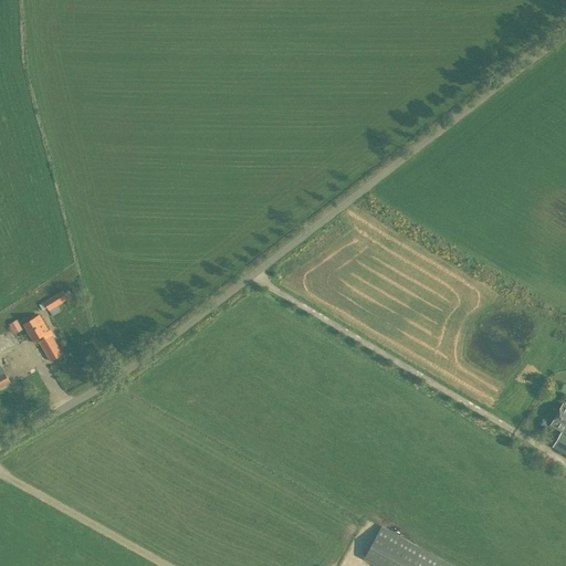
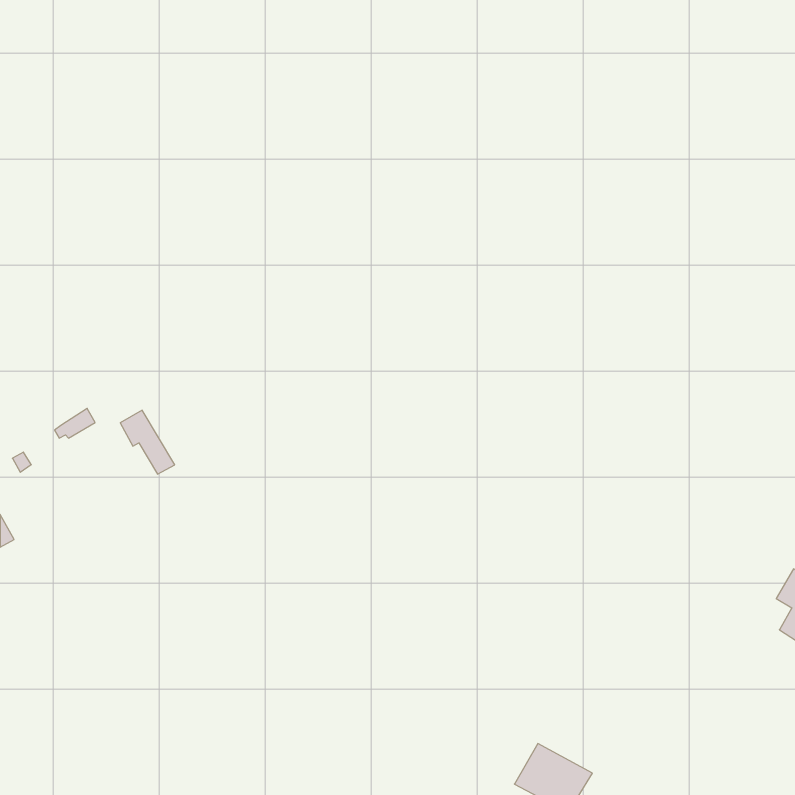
building: [24,316,63,361] -> [120,410,175,474]

